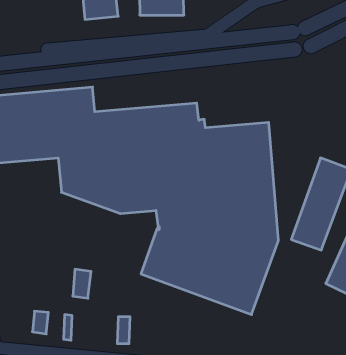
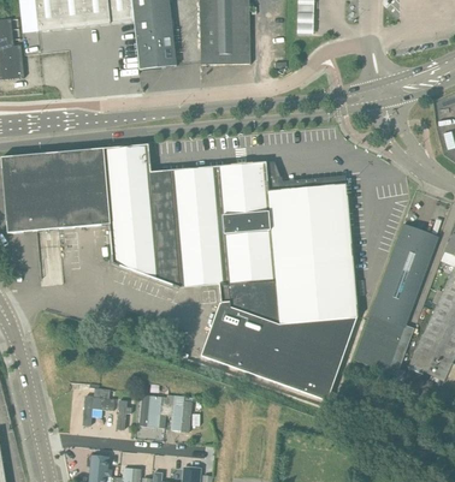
building: none -> [354,315,414,375]
building: [73,269,91,298] -> [141,394,161,427]

